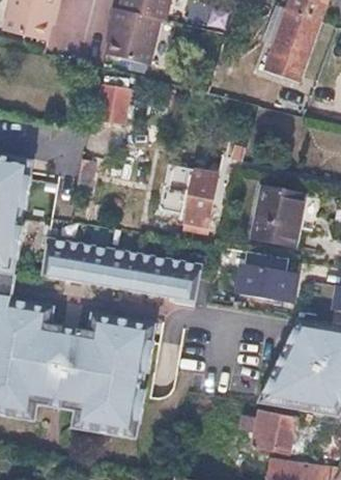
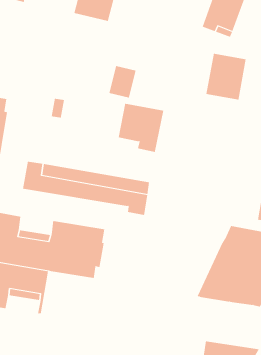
building: [97,86,132,126] -> [109,65,136,98]
building: [254,186,305,244] -> [205,53,247,100]
building: [238,262,303,298] -> none
building: [66,372,136,435] -> none
building: [244,404,299,454] -> none

